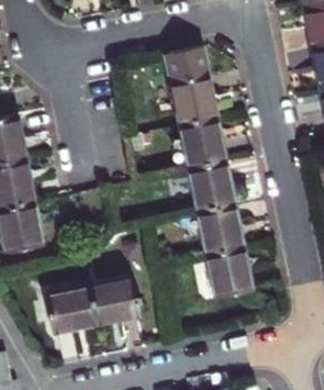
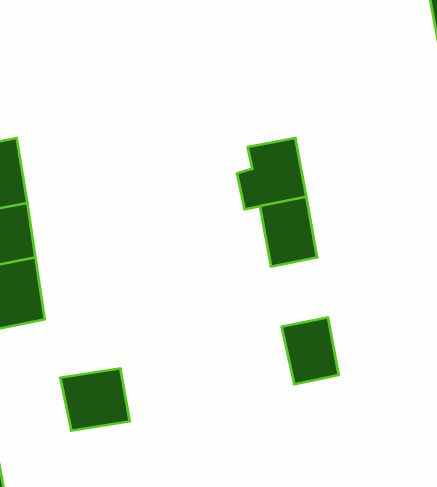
building: [168,48,215,130] -> none
building: [198,208,238,257] -> none
building: [91,281,141,324] -> none

